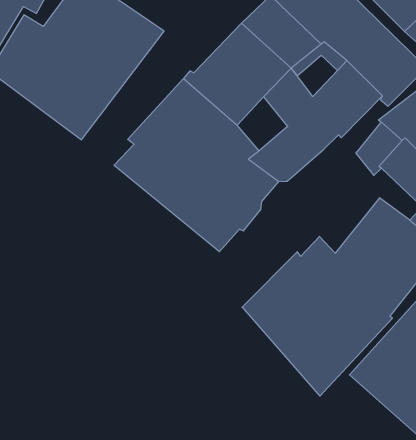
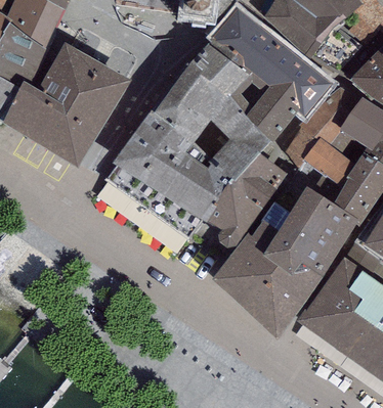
building: none -> [207,151,287,245]

